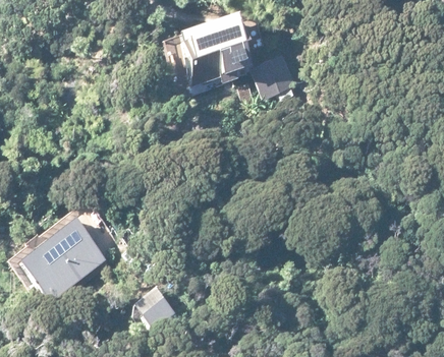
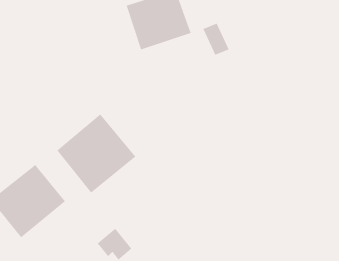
building: none -> [57,114,136,194]

